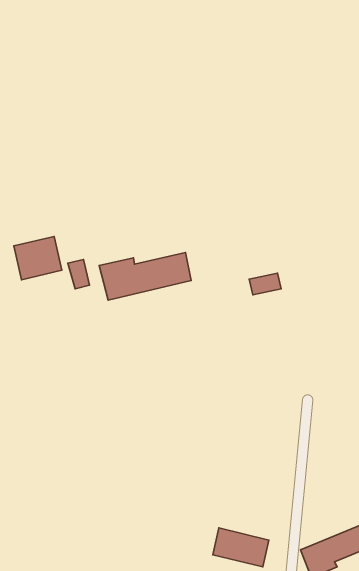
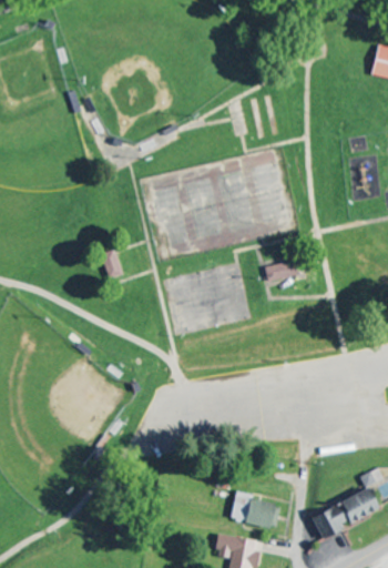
building: [14,236,62,280] -> none
building: [99,252,191,300] -> none

